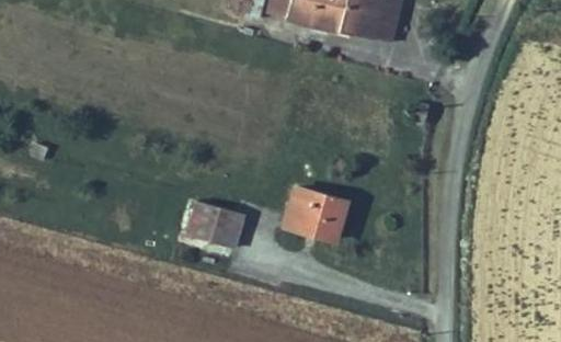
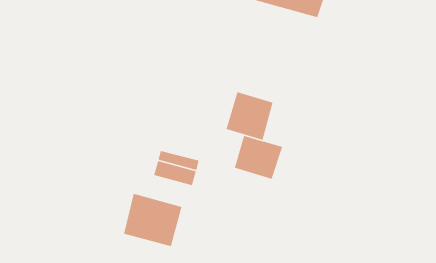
building: none -> [226,91,274,141]
building: none -> [123,193,183,247]

